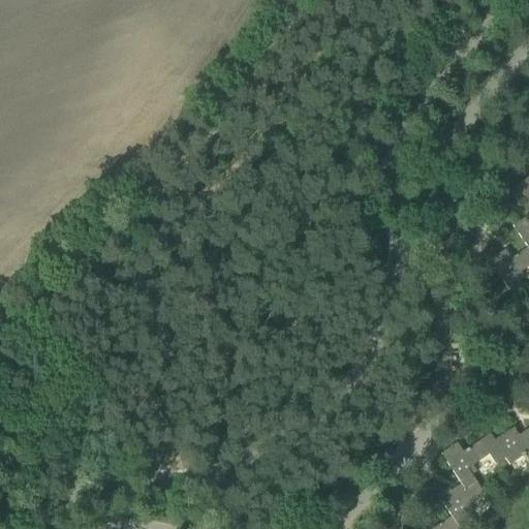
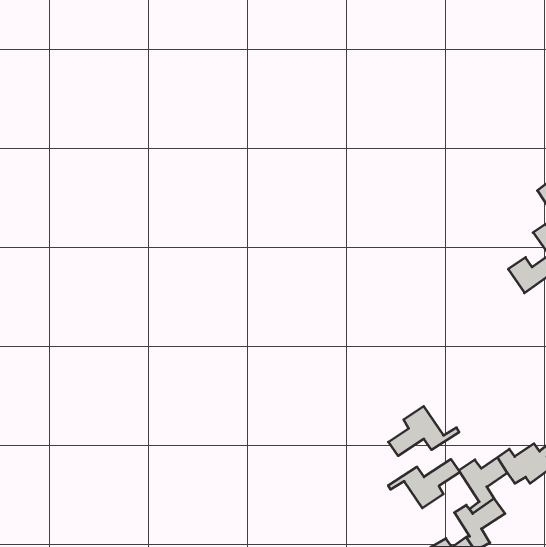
building: none -> [388,406,459,456]
building: none -> [388,459,460,508]

